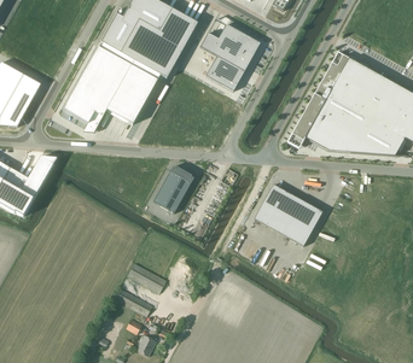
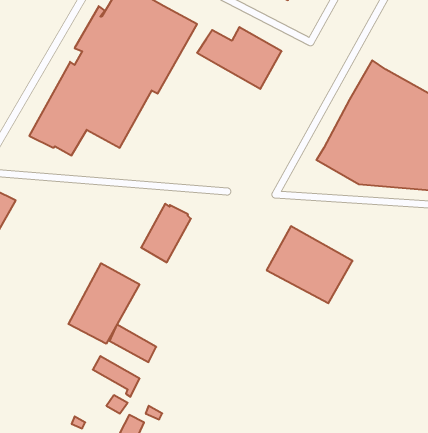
building: [205,54,250,94] -> none
building: none -> [68,263,139,344]

